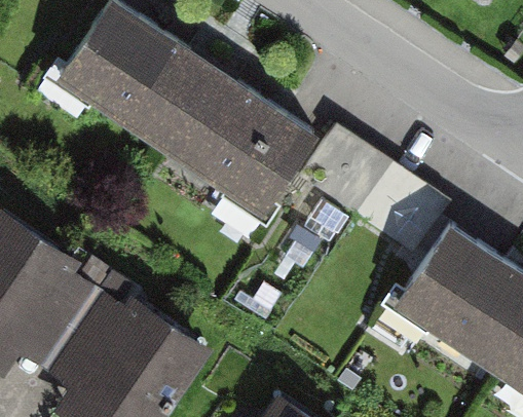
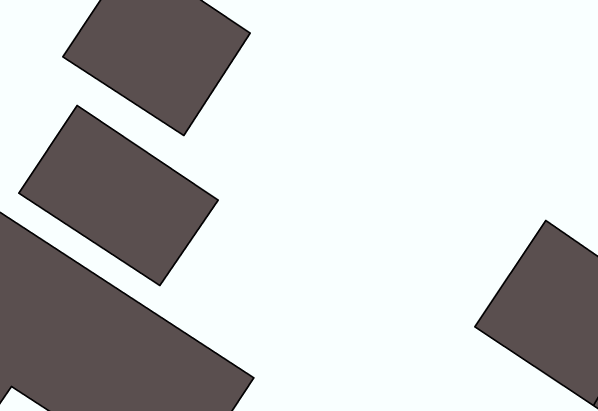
building: [156,67,313,216] -> none
building: none -> [19,105,218,285]

